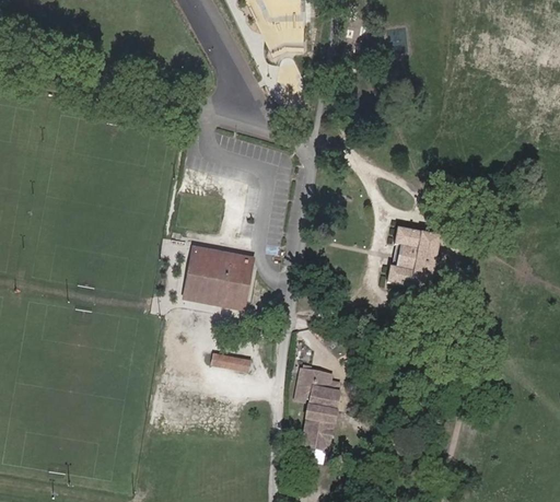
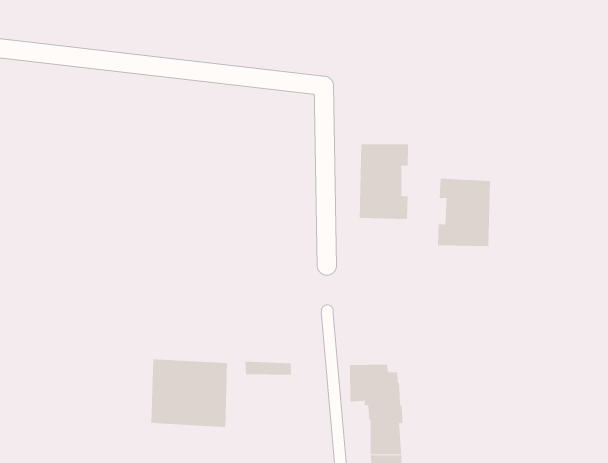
building: none -> [359,143,409,220]
building: [184,244,255,310] -> [151,359,228,427]

